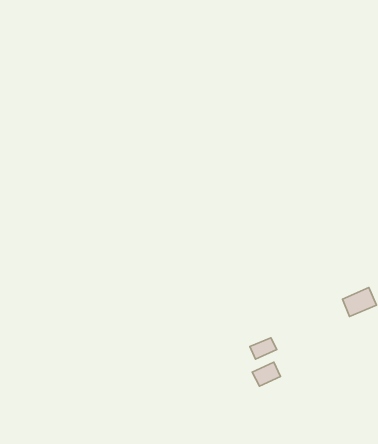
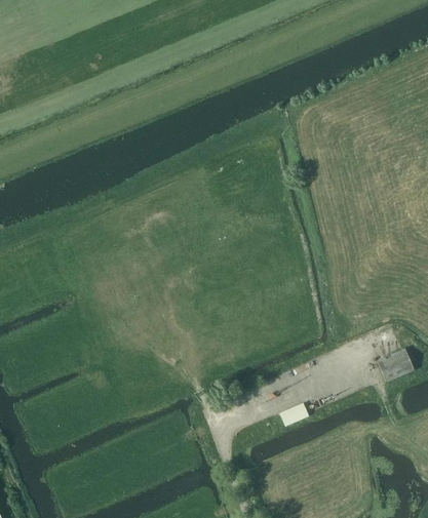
building: [252,362,280,386] -> none

